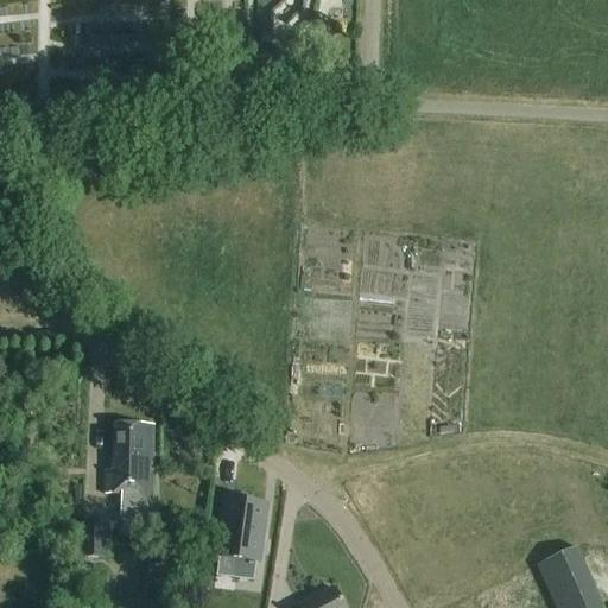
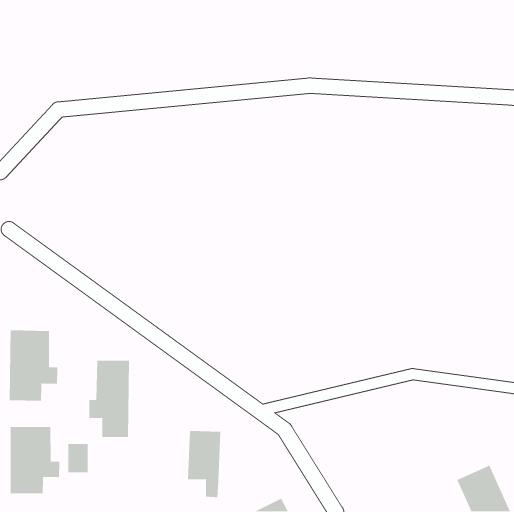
building: none -> [9,330,58,402]
building: none -> [10,426,60,494]

